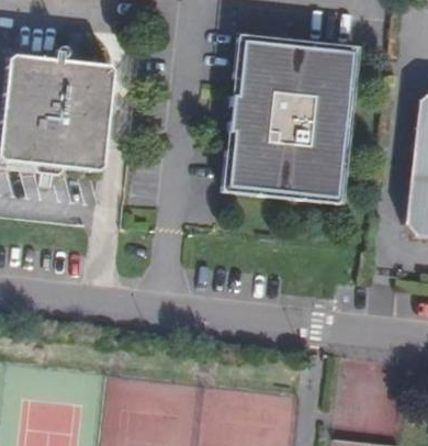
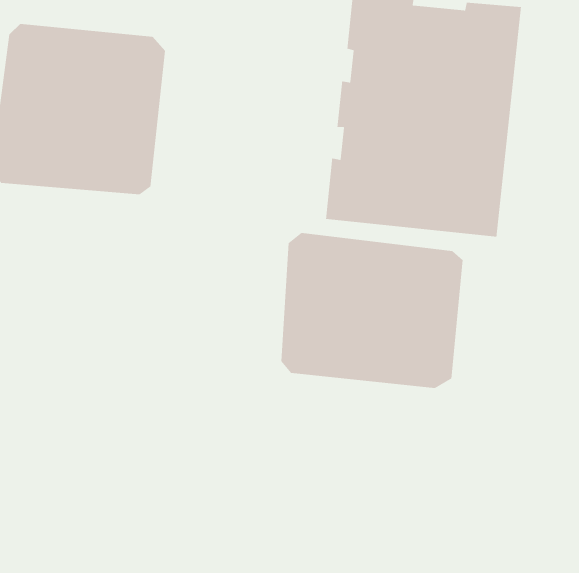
building: none -> [280,232,463,389]

